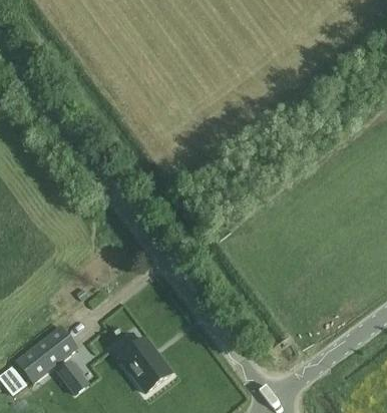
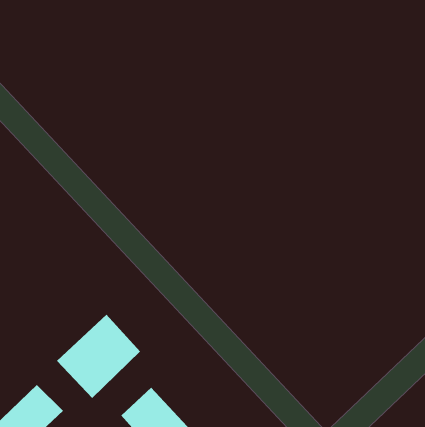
building: none -> [56,314,141,399]

